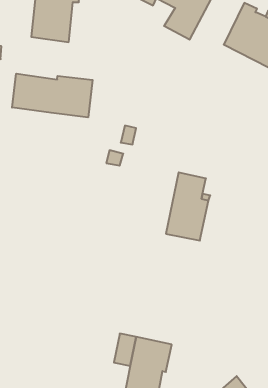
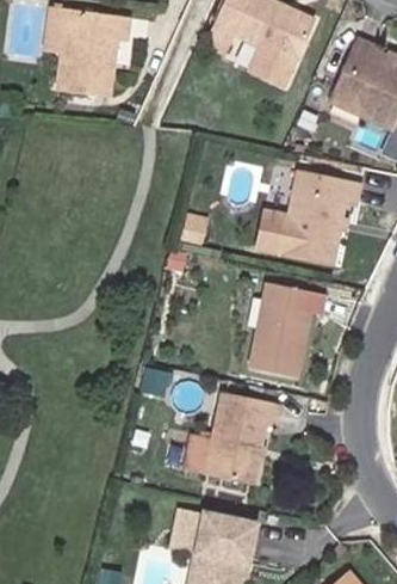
building: [12,74,93,117] -> none
building: none -> [254,166,358,266]
building: none -> [204,394,278,484]

